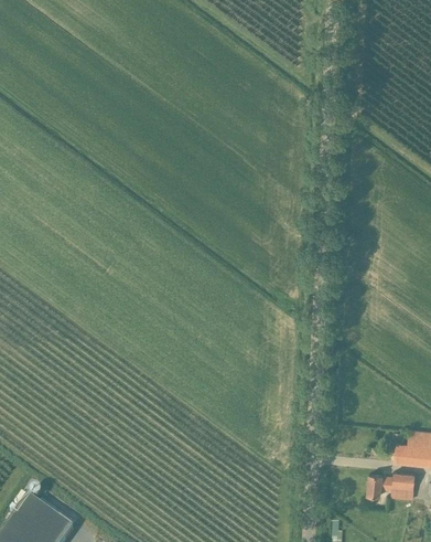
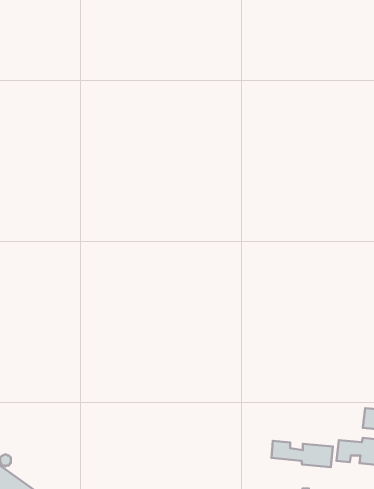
building: none -> [272,441,333,467]

